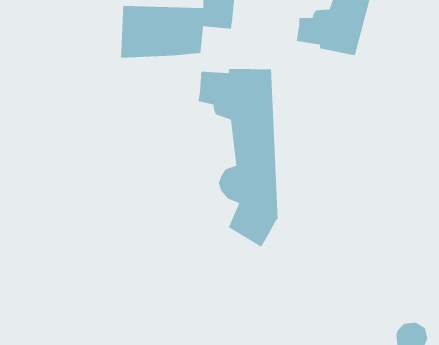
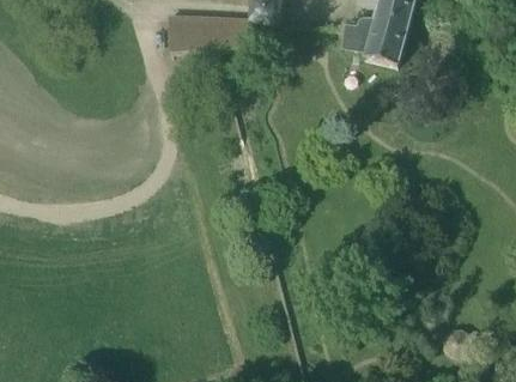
building: [198,68,279,248] -> none

